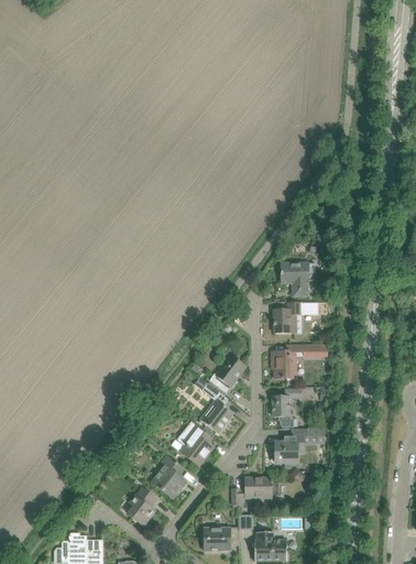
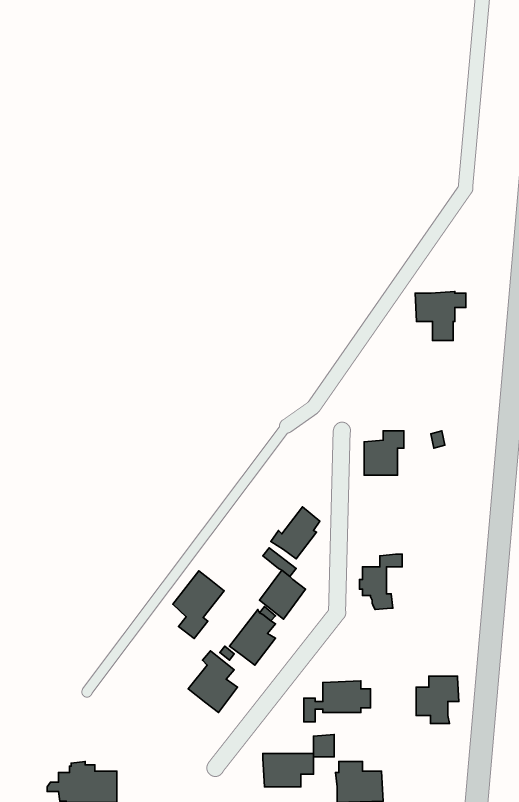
building: [281,261,316,295] -> [415,292,466,341]
building: [274,344,311,377] -> none
building: none -> [173,571,224,639]
building: [275,434,305,467] -> [416,676,459,724]
building: [128,487,156,525] -> none

